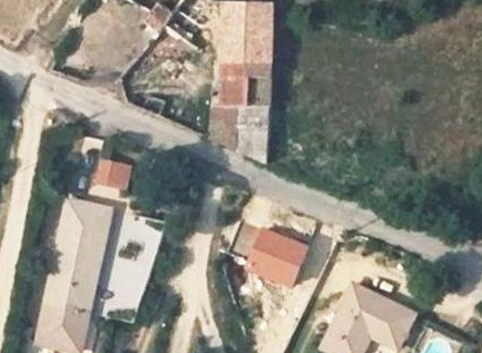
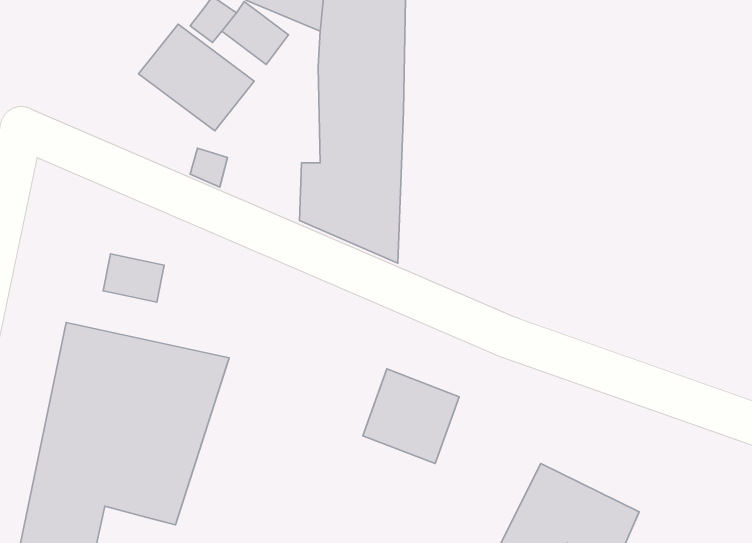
building: none -> [139,24,254,131]

